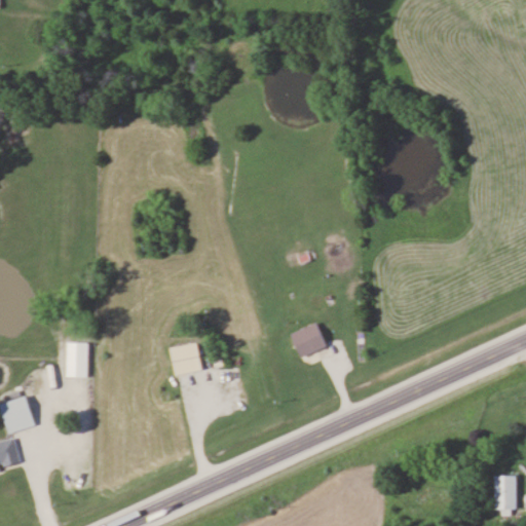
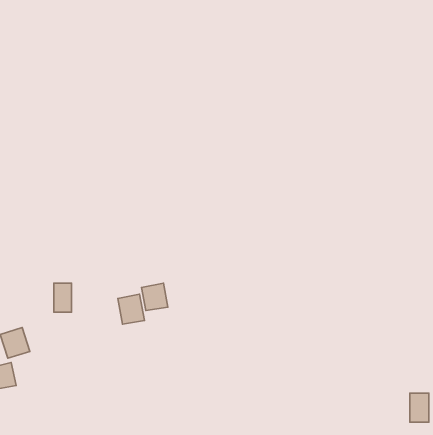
building: [290,322,328,356] -> none
building: none -> [118,294,144,324]

